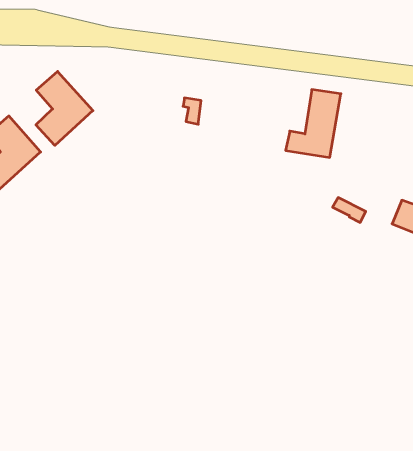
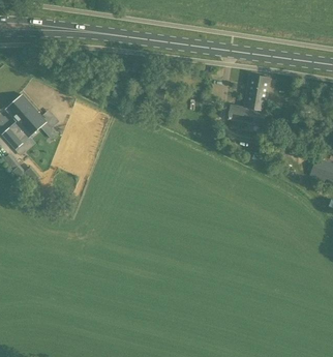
building: [36,71,93,145] -> none

